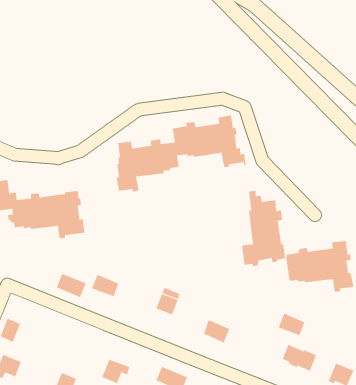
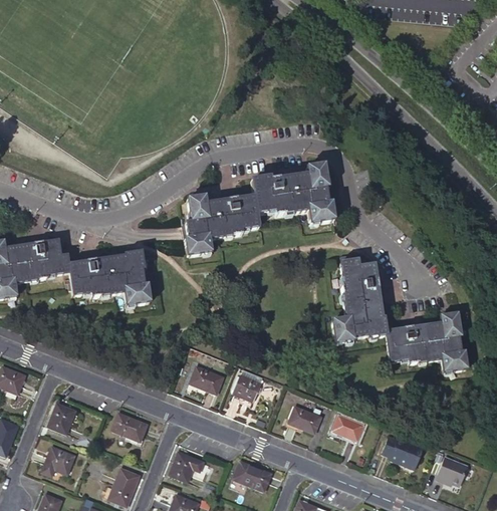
building: [56,273,87,298] -> [111,413,148,442]
building: [91,274,119,297] -> [190,366,223,394]
building: [278,313,305,336] -> [331,414,363,441]

